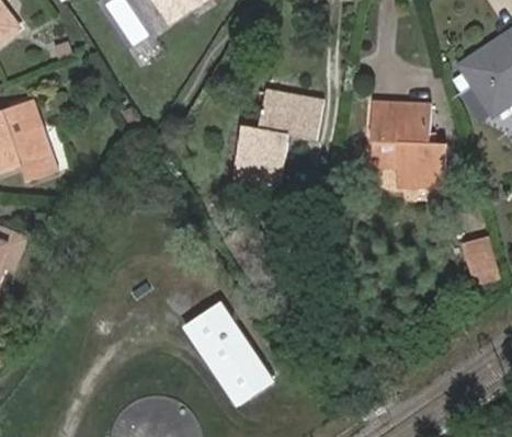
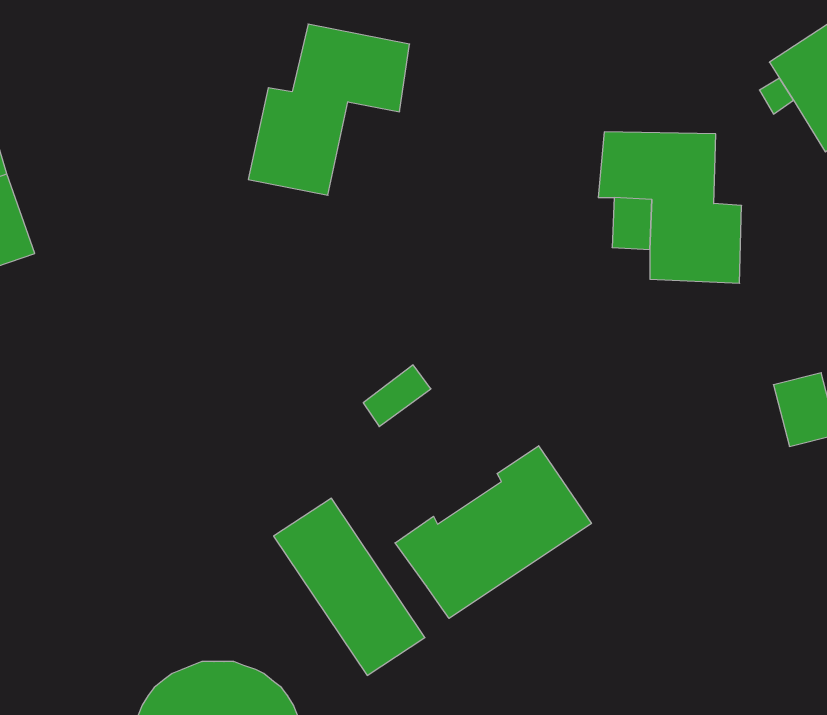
building: [234,92,322,186] -> [248,24,410,195]
building: none -> [395,446,591,618]

